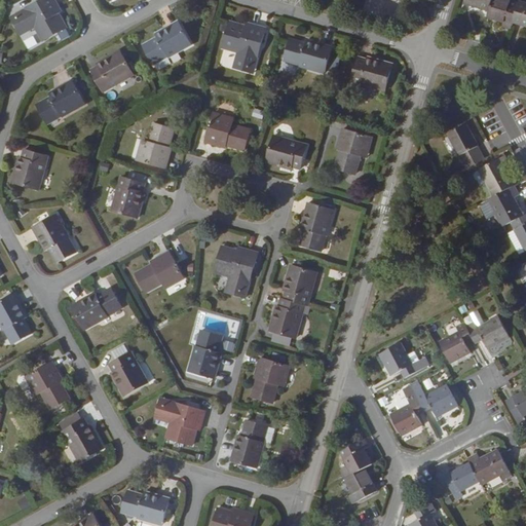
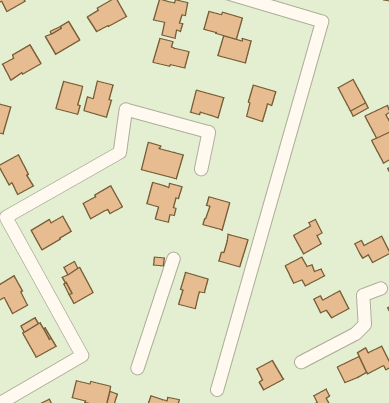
building: [350,59,391,91] -> [218,36,251,63]
building: [205,114,250,150] -> [153,39,189,68]
building: [110,178,143,218] -> [56,81,83,114]
building: none -> [142,142,183,179]
building: [300,204,333,251] -> none
building: [269,299,305,339] -> [219,234,248,267]
building: [440,320,475,362] -> [294,219,322,254]
building: [189,330,222,378] -> none
building: [391,385,426,434] -> none
building: [156,401,205,445] -> none
building: [232,421,268,467] -> none
building: [344,435,376,477] -> none

